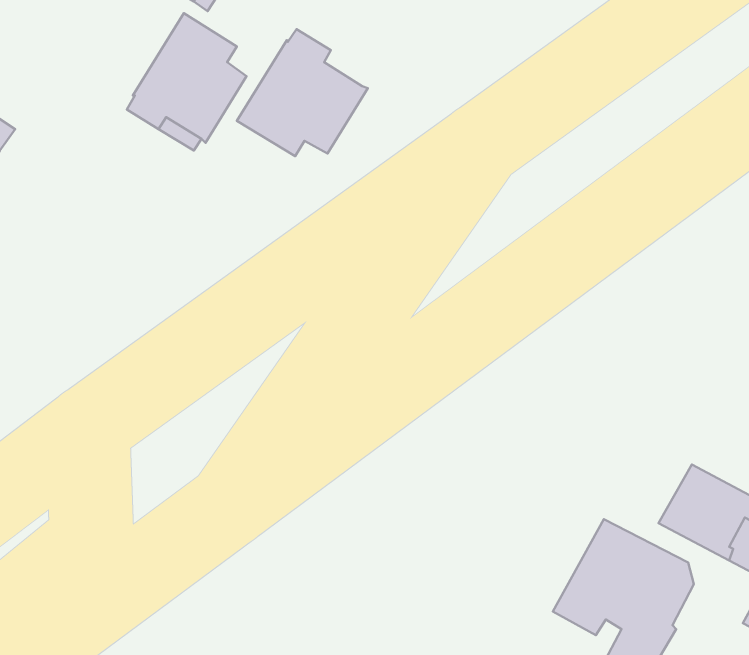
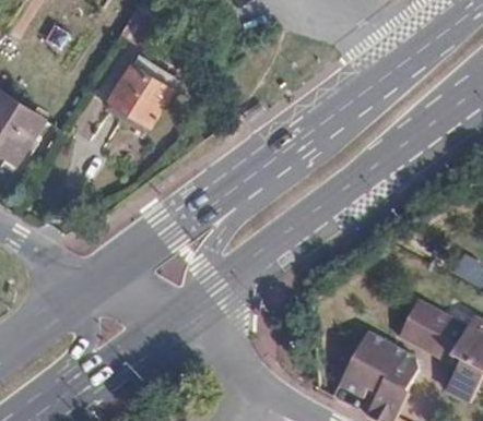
building: [237,29,368,156] -> none

